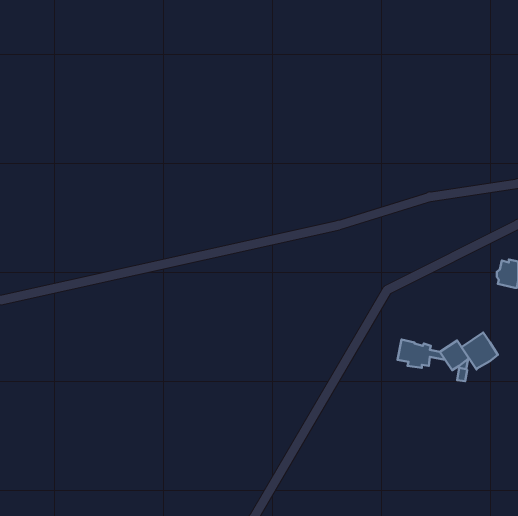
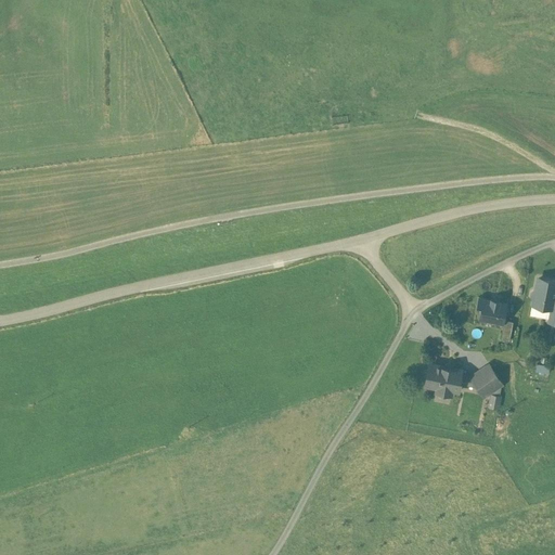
building: none -> [477,298,507,325]
building: [462,332,498,370] -> none

